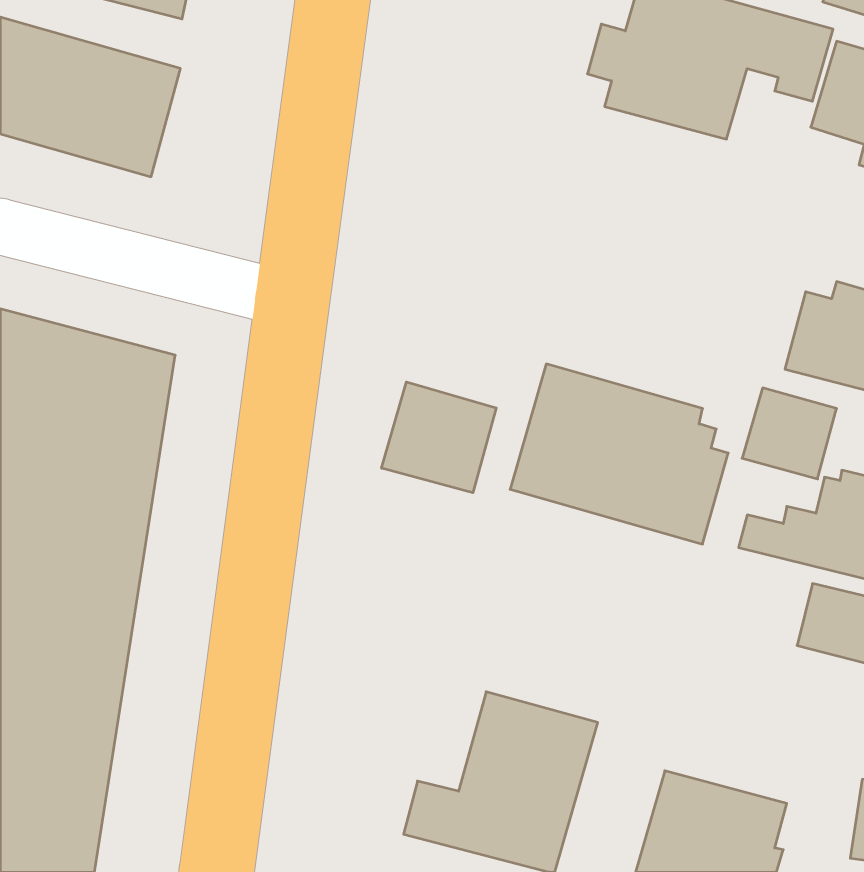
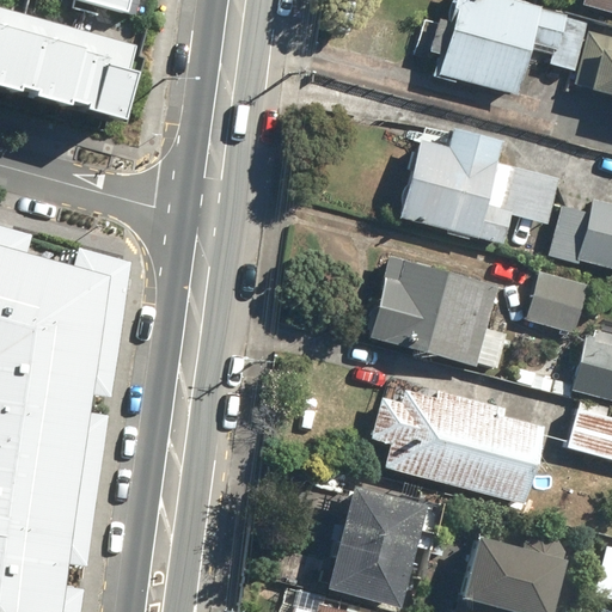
building: none -> [396,120,564,246]
building: [382,382,496,493] -> none
building: none -> [372,385,550,506]

